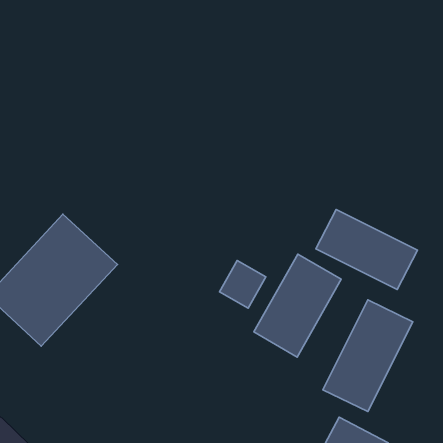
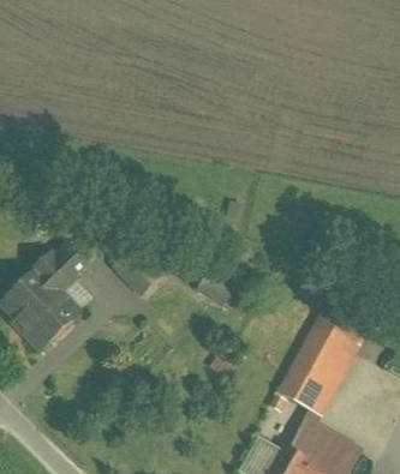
building: [316,210,417,290] -> none
building: [254,254,341,357] -> none

